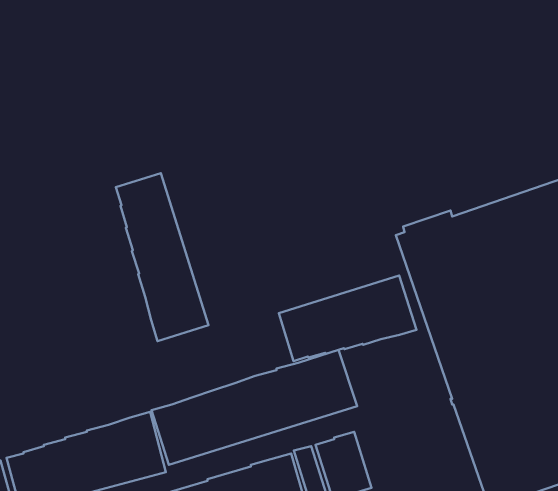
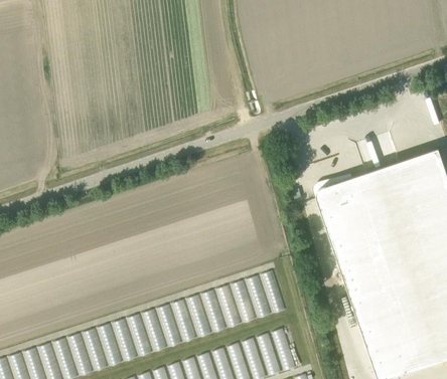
building: [116,173,208,341] -> none
building: [279,276,416,361] -> none

